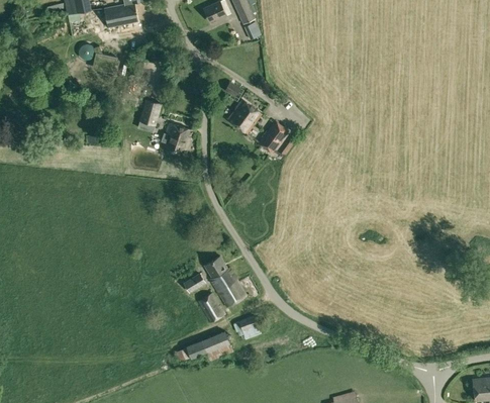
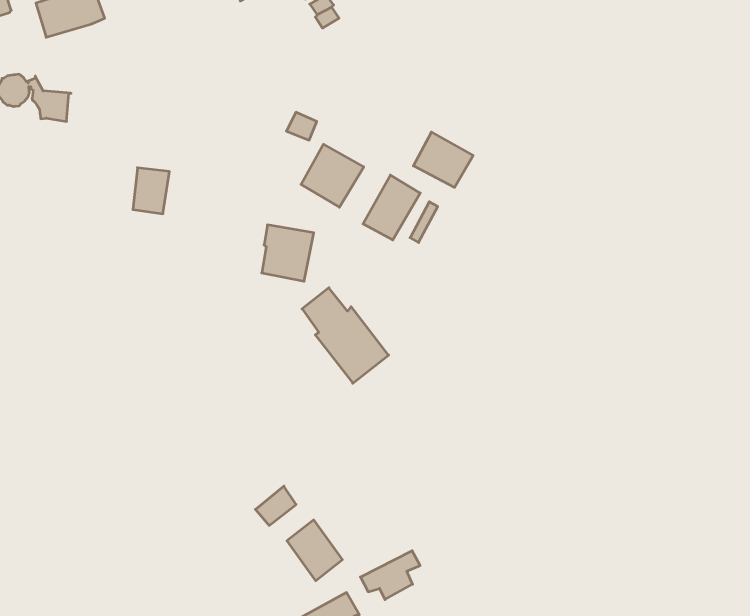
building: none -> [413,132,473,187]
building: [164,123,193,155] -> [262,225,314,281]
building: [205,256,247,306] -> [302,288,389,383]

